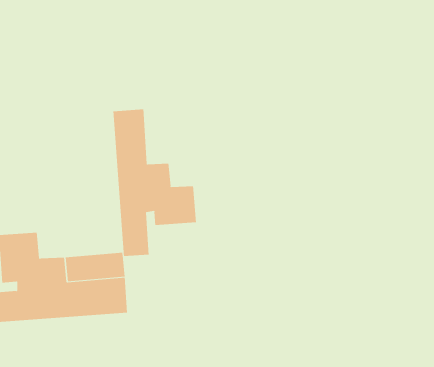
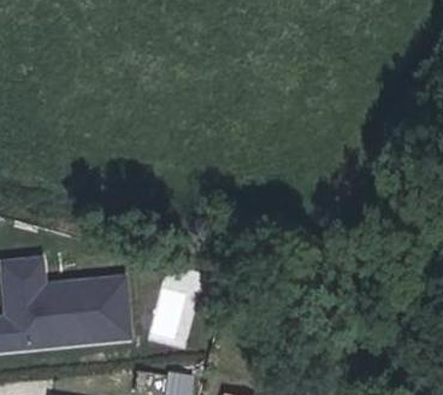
building: [113,108,197,257] -> none

